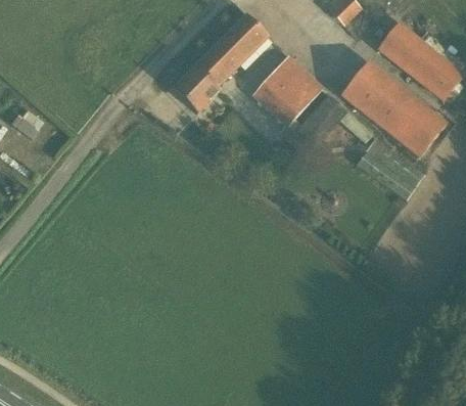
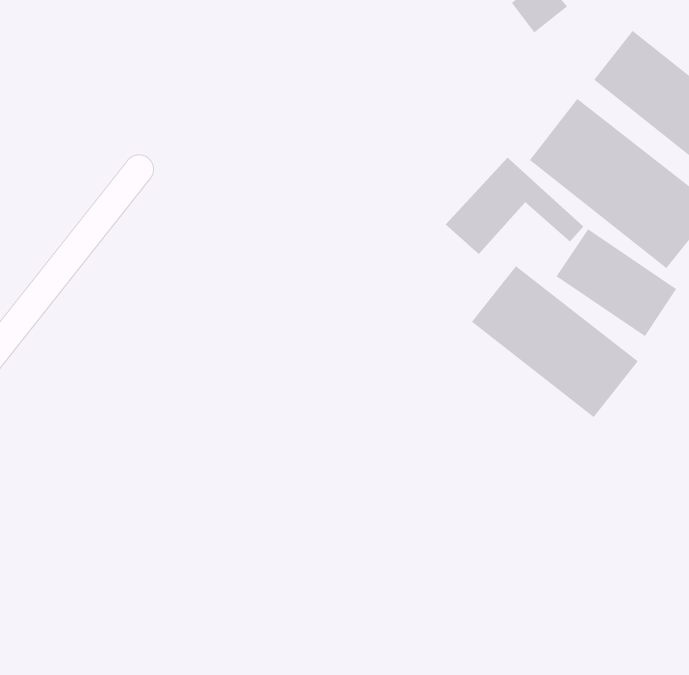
building: [174,12,269,110] -> none
building: [254,55,323,124] -> none
building: none -> [471,265,639,418]

